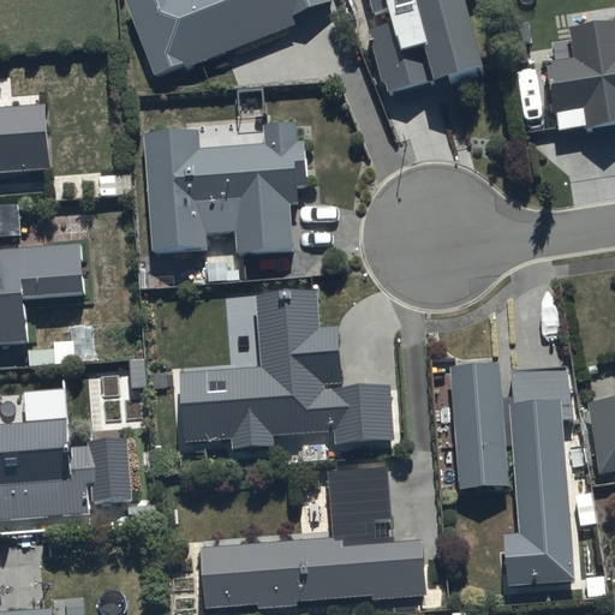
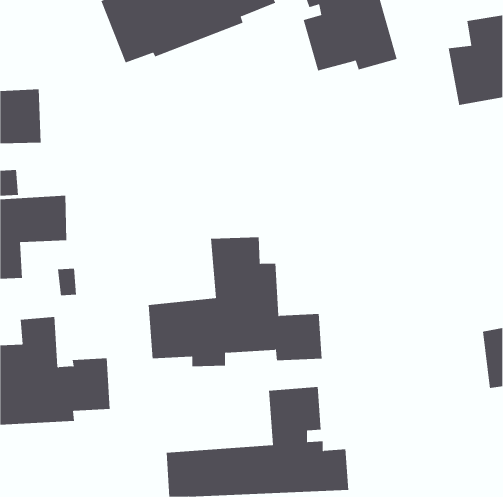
building: [142,120,309,250] -> none
building: [452,365,573,587] -> none

